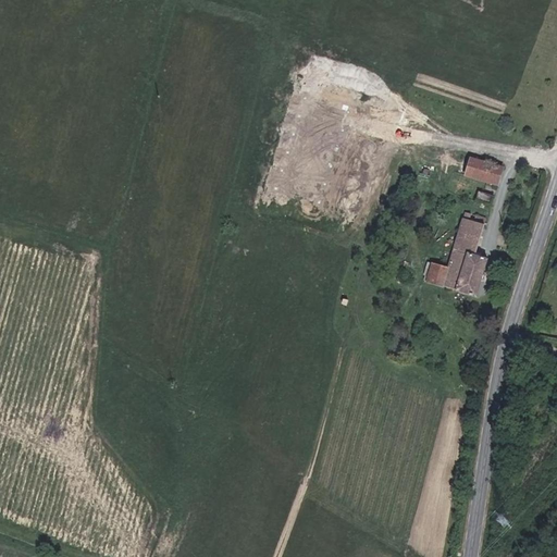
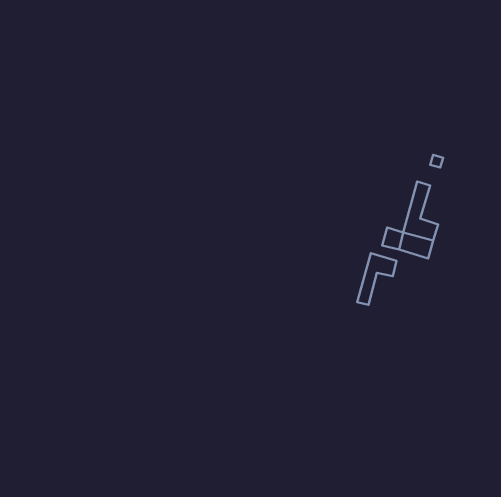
building: [465,157,498,182] -> none
building: none -> [357,253,397,305]

